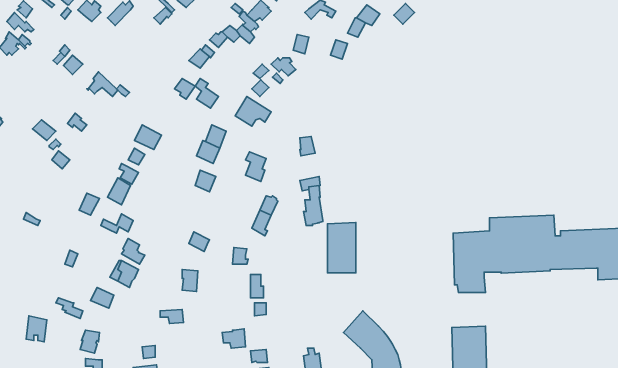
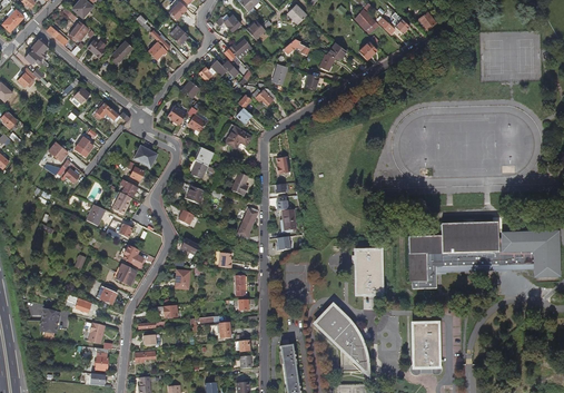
building: [328,223,356,273] -> [355,250,379,294]

